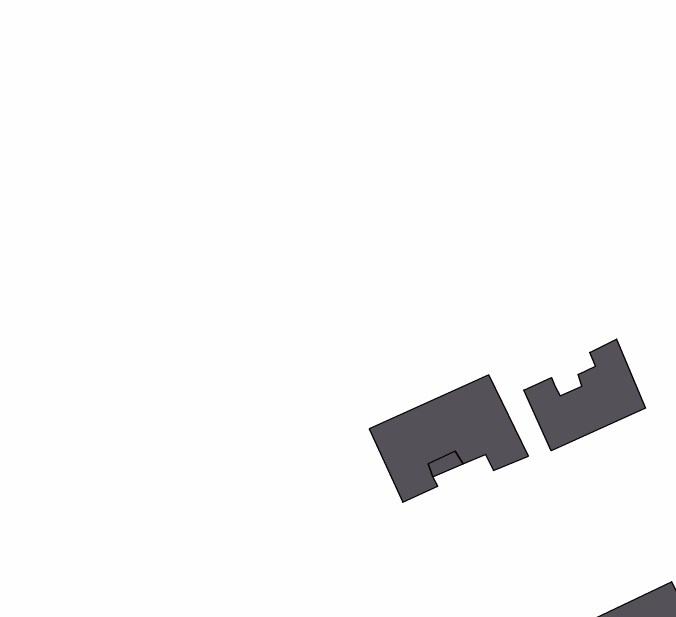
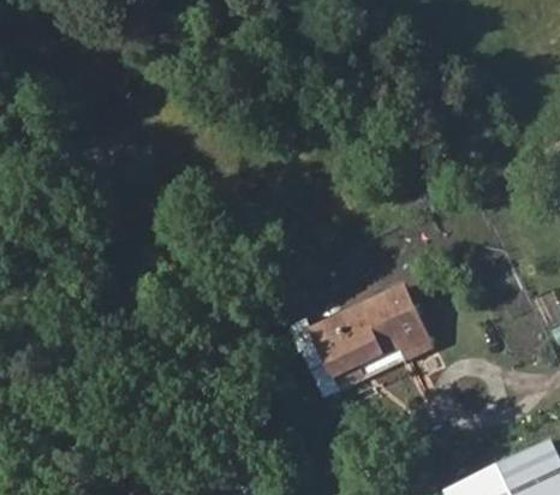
building: [524,339,645,451] -> none

